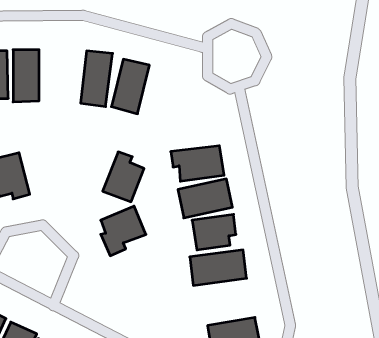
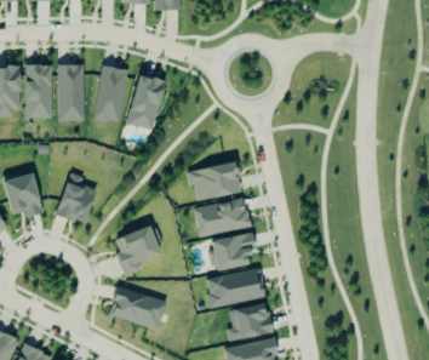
building: none -> [58,63,85,120]
building: [103,152,144,202] -> [55,172,97,223]
building: none -> [109,286,166,330]
building: none -> [227,303,271,341]

